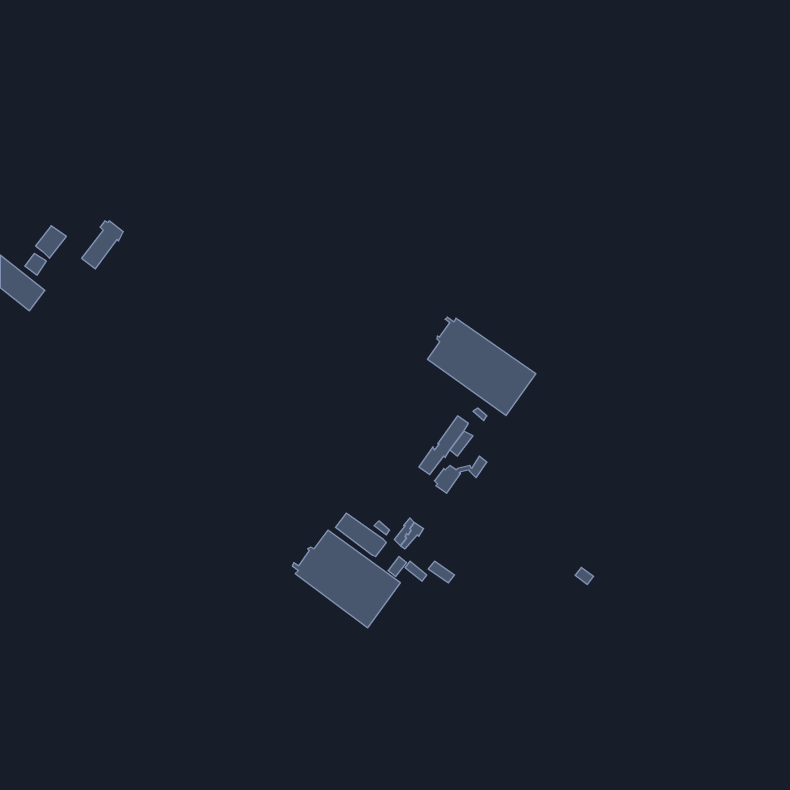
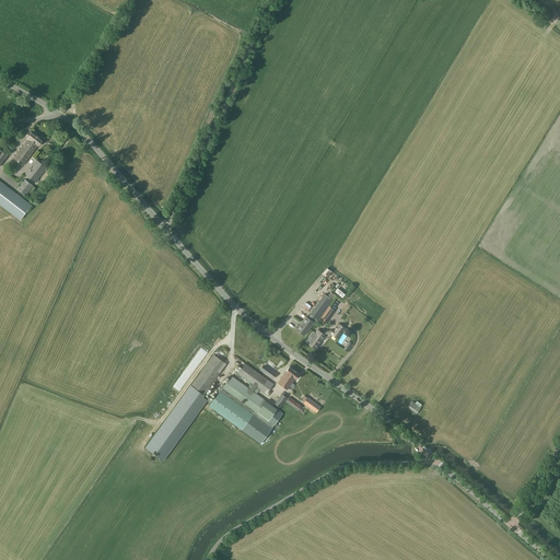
building: [82,221,123,269] -> [13,131,43,165]
building: [428,317,536,416] -> none
building: none -> [147,354,226,459]

